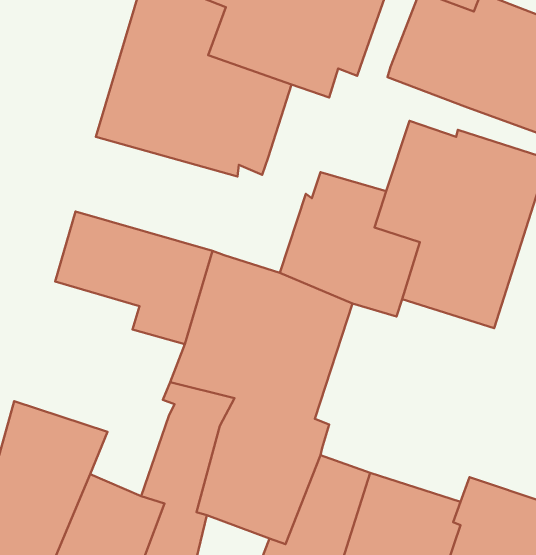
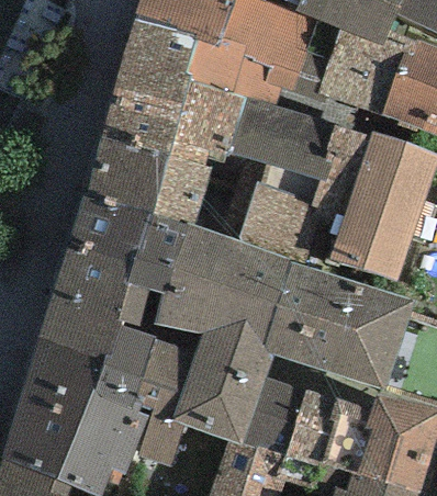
building: none -> [228,80,377,179]
building: none -> [83,138,211,227]
building: none -> [37,247,166,408]
building: none -> [264,263,413,390]

